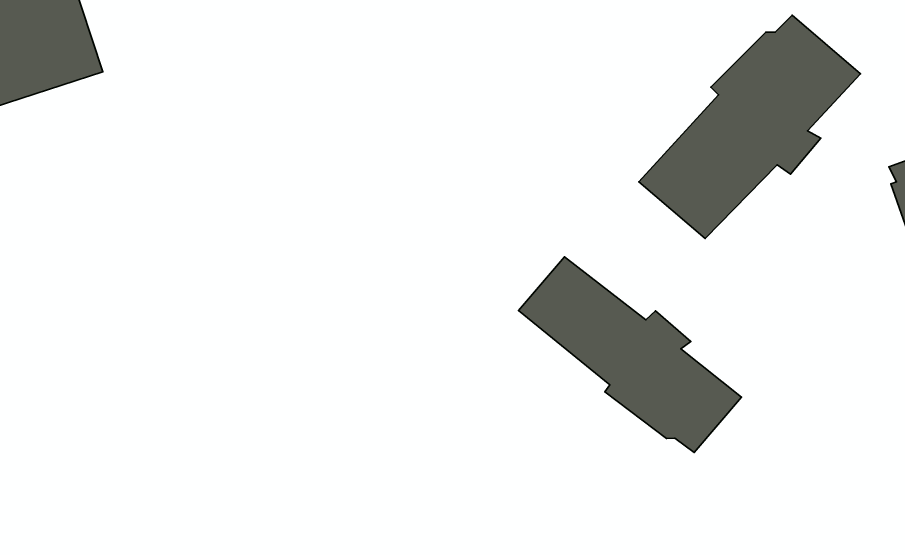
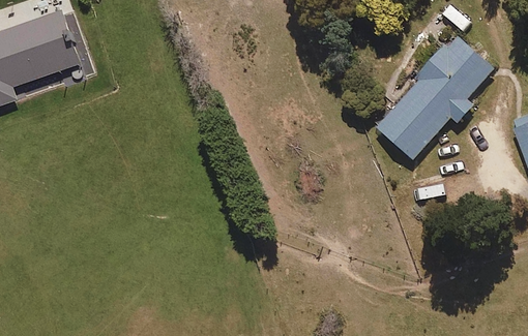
building: [518,257,741,453] -> none

